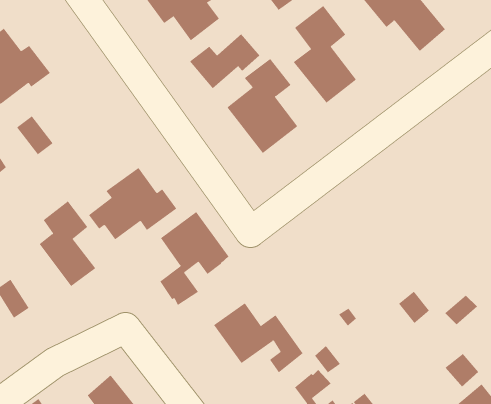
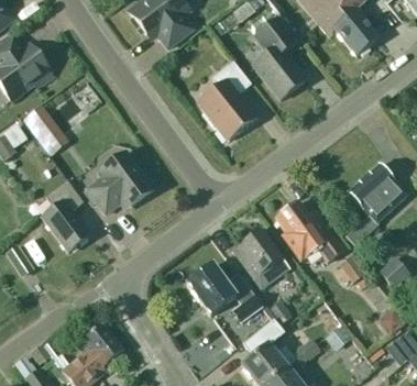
building: [189,34,260,89] -> none
building: none -> [347,164,406,244]
building: [160,211,229,306] -> none
building: none -> [276,201,343,261]
building: none -> [232,229,289,288]

